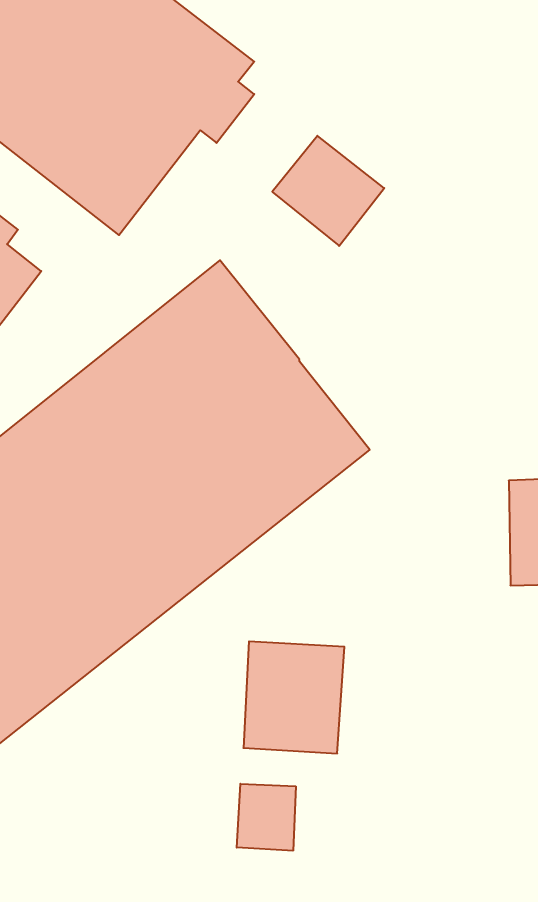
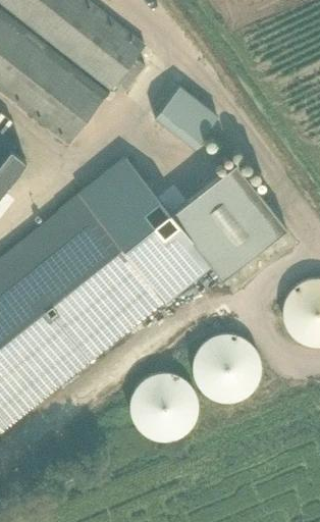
building: none -> [169,163,285,279]
building: none -> [195,330,264,402]
building: [237,784,296,851] -> none

